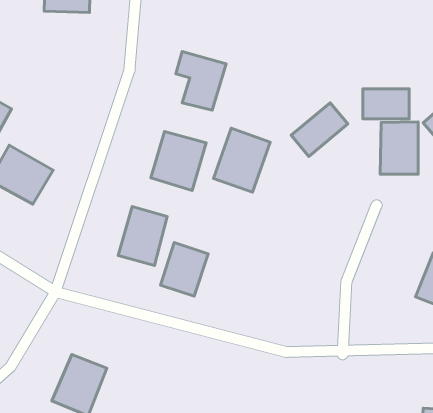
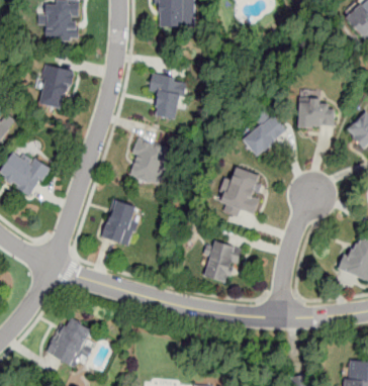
building: none -> [37,65,74,109]
building: [380,122,418,174] -> none
building: [214,128,270,192] -> [219,167,265,218]
building: [160,242,208,296] -> [202,240,241,284]

